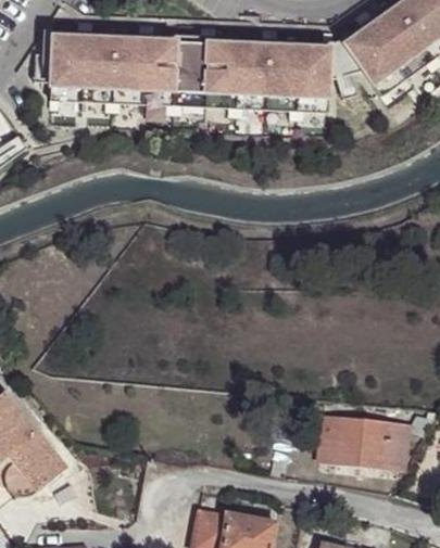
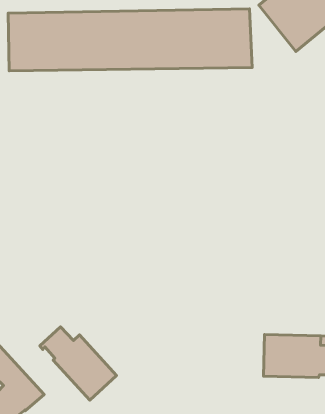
building: none -> [40,327,117,400]

